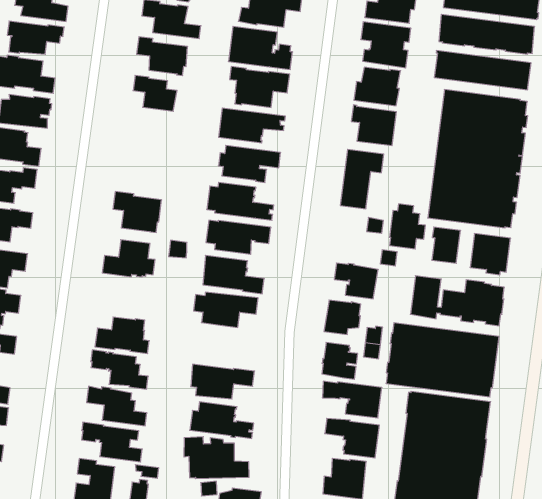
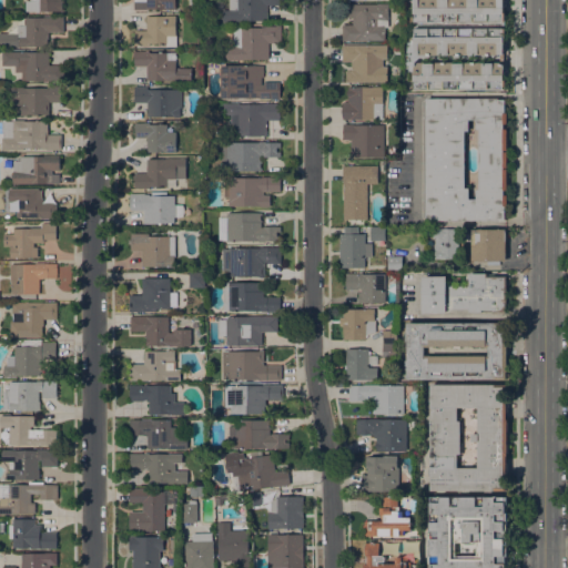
building: none -> [134,159,185,189]
building: none -> [130,193,184,225]
building: [389,204,425,249] -> [339,227,372,267]
building: none -> [130,316,191,346]
building: none -> [222,351,282,381]

